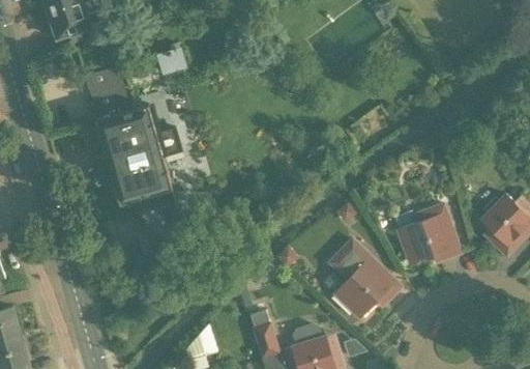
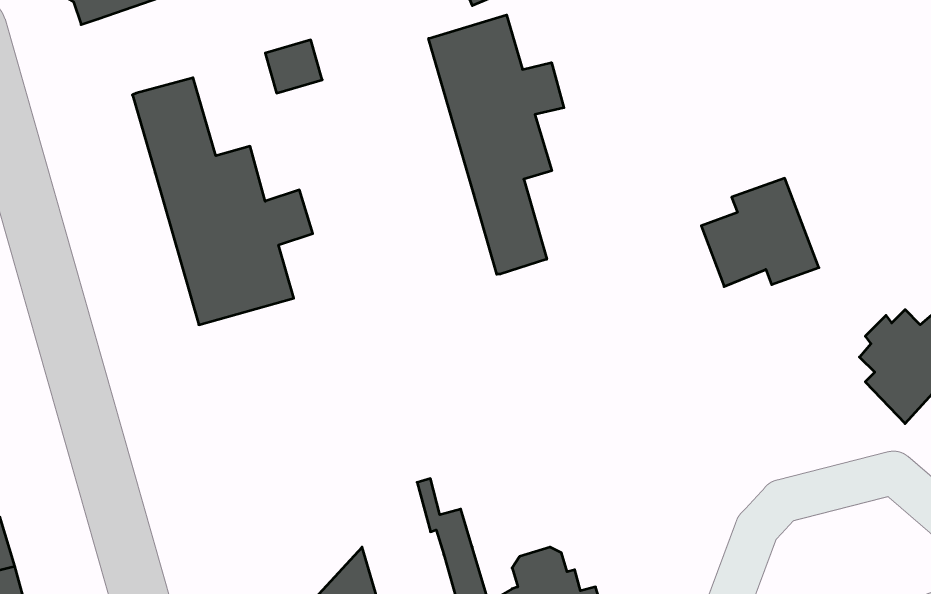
building: none -> [429,15,564,274]
building: [398,205,462,264] -> [701,178,819,287]
building: [330,239,402,319] -> none

